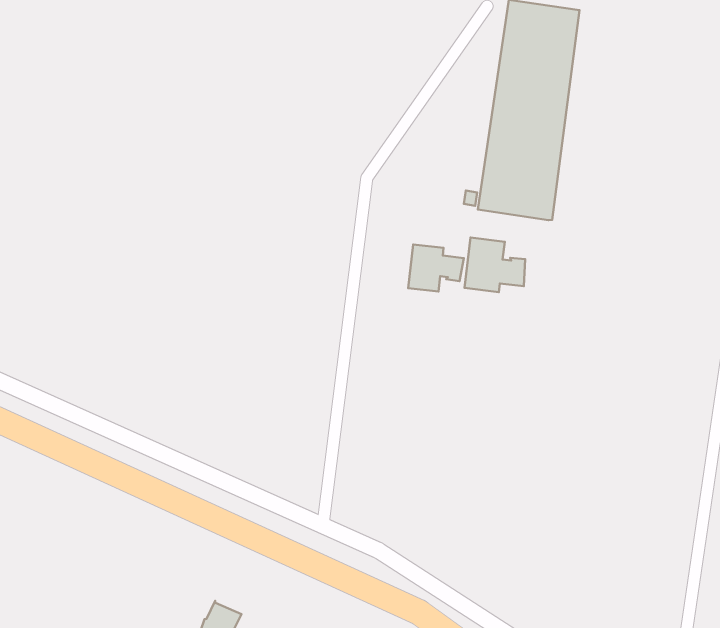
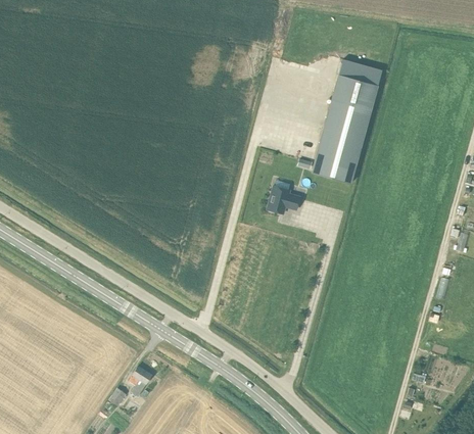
building: [464,238,525,292] -> none

